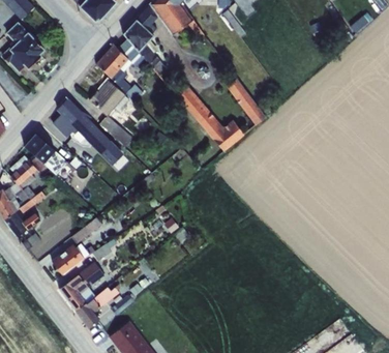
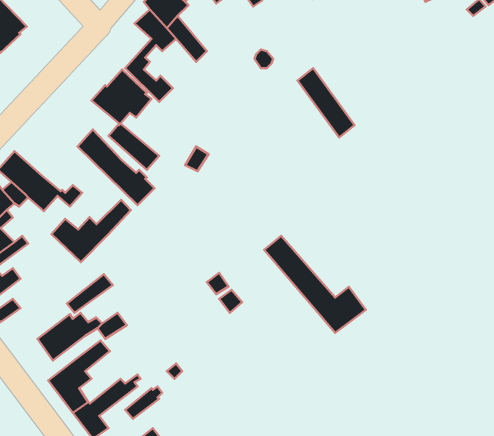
building: [96,45,128,78] -> none
building: [176,85,244,150] -> [264,236,366,333]
building: [52,97,90,137] -> none
building: none -> [52,200,131,262]

